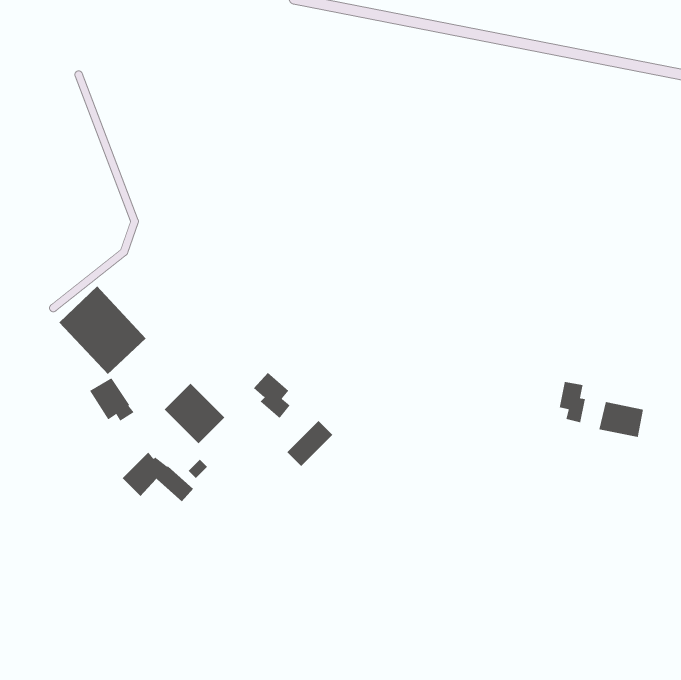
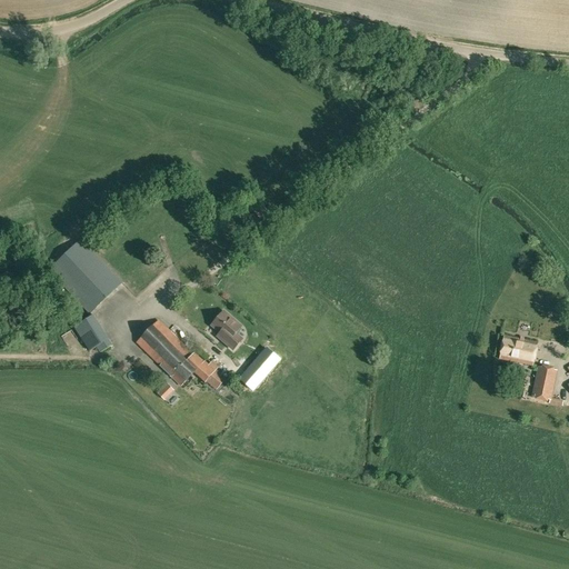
building: [559,381,585,423] -> none
building: none -> [532,366,556,399]
building: [122,451,194,502] -> [166,348,226,390]

